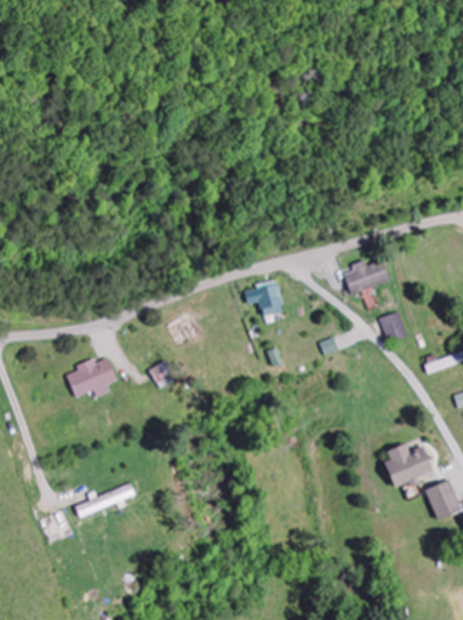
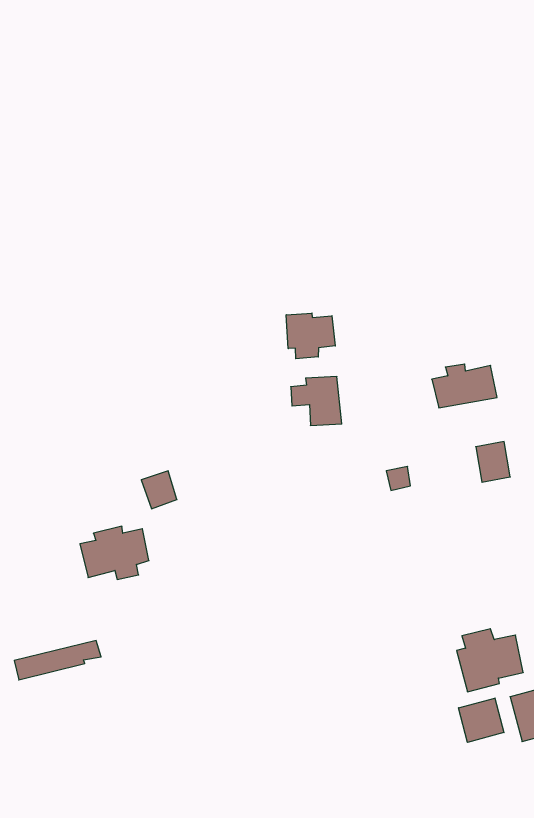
building: none -> [286,313,335,359]
building: [67,358,116,397] -> [80,526,149,579]
building: none -> [459,698,504,742]

